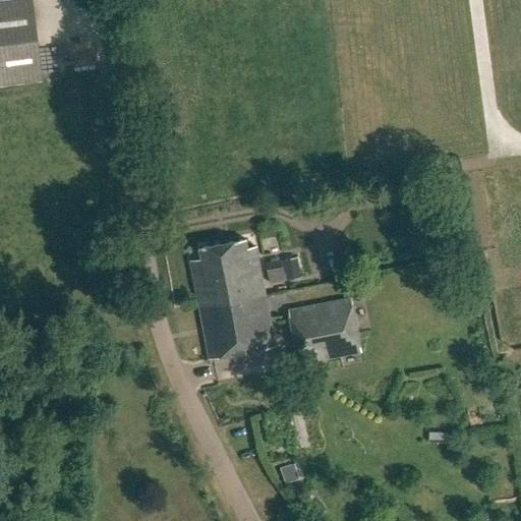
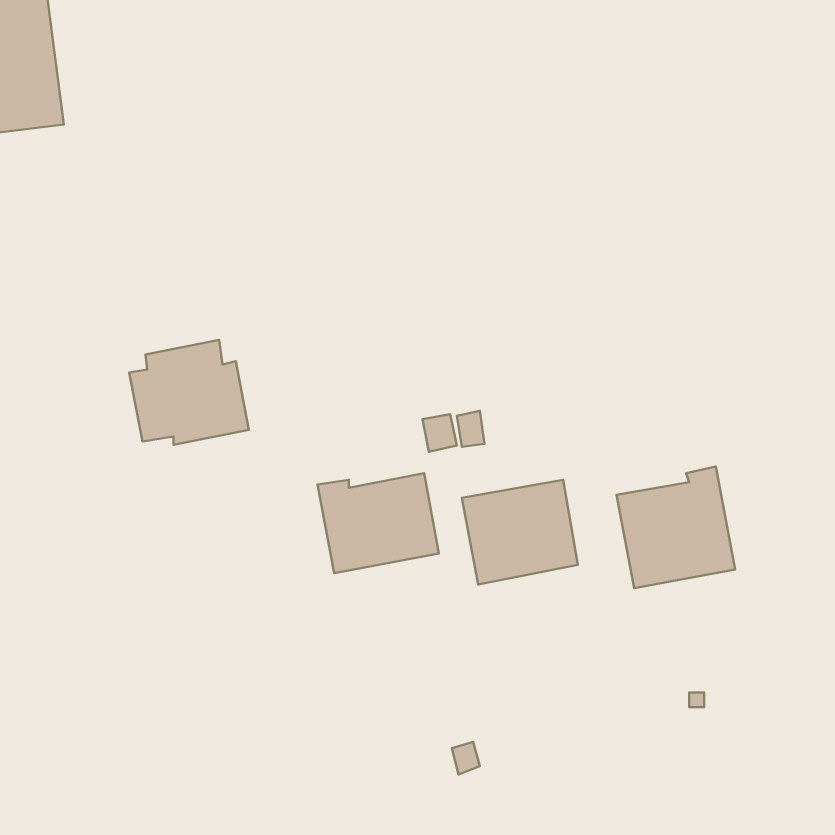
building: [189,238,264,303] -> [129,340,249,445]
building: none -> [617,467,735,588]

